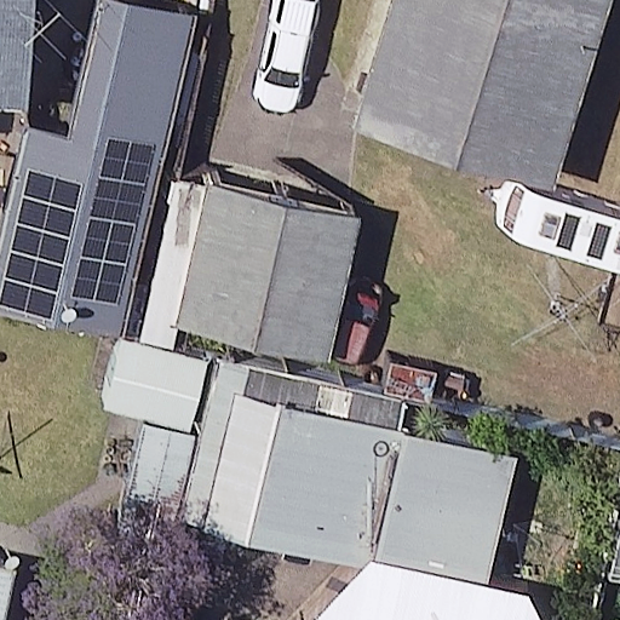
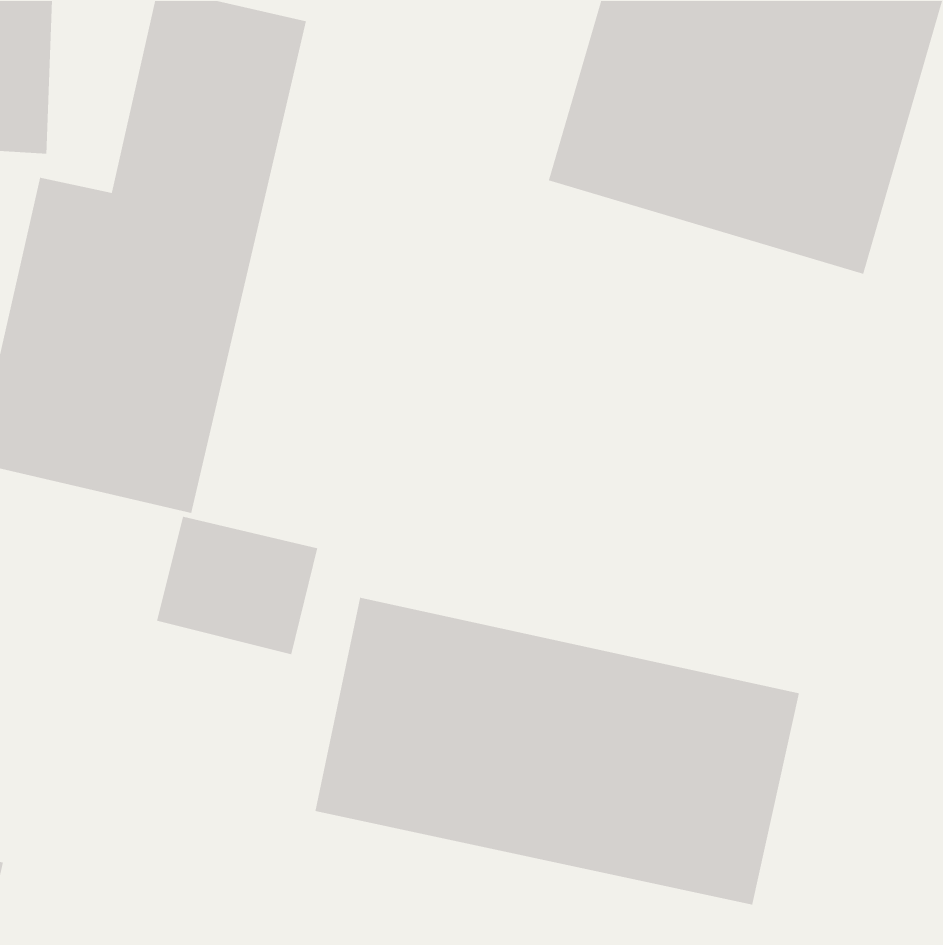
building: [176,185,357,360] -> none

